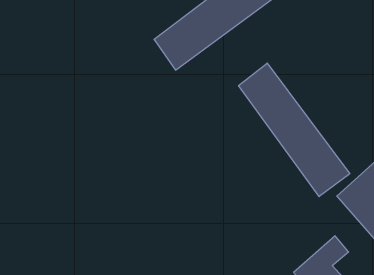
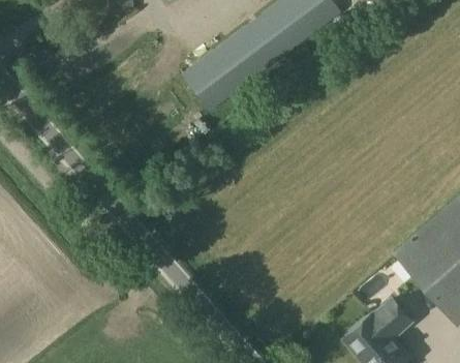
building: [239,63,350,197] -> none

